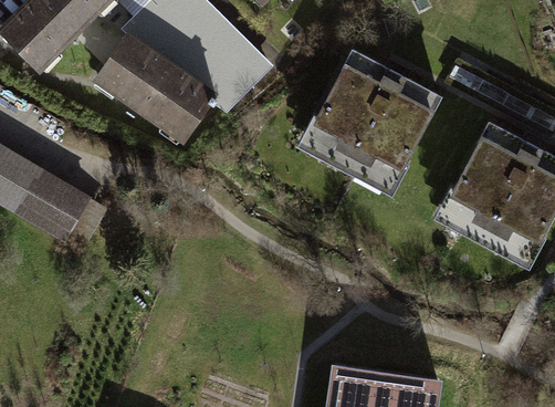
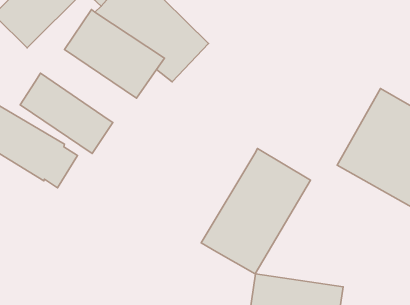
building: [294,49,450,204] -> none
building: none -> [20,73,113,153]
building: none -> [201,149,310,274]

